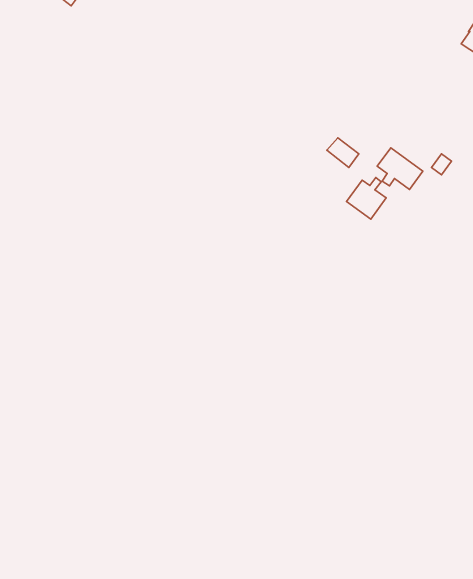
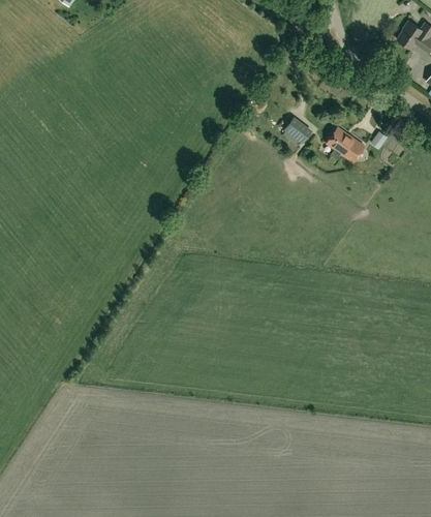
building: [347,178,386,219] -> none

